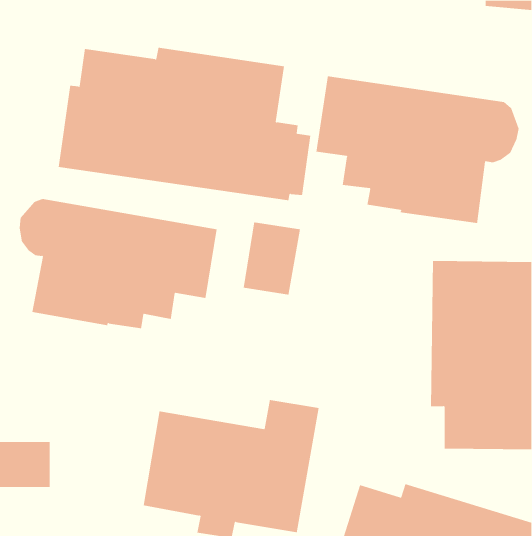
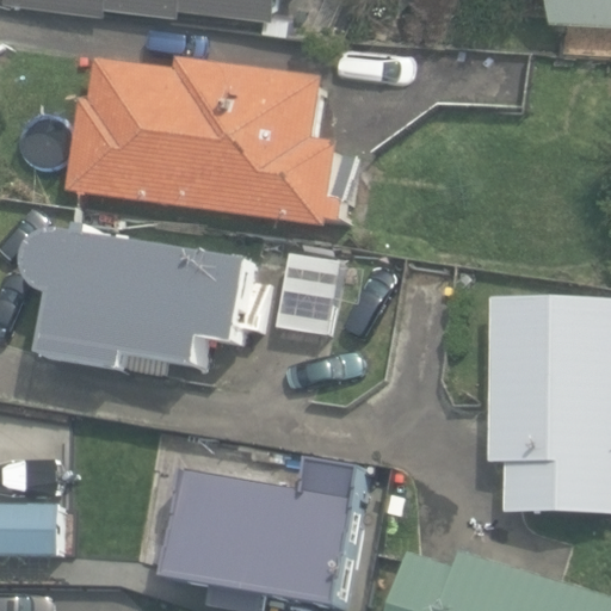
building: [316,76,519,224] -> none

